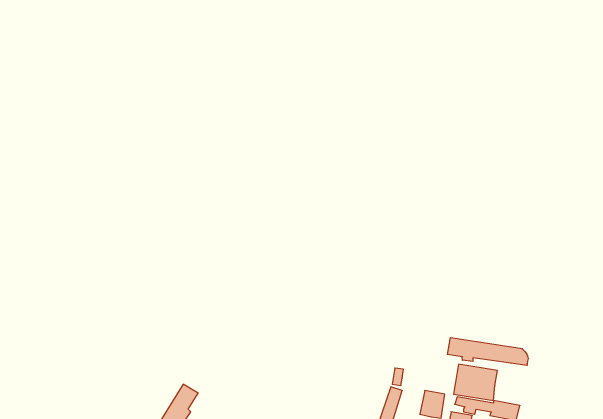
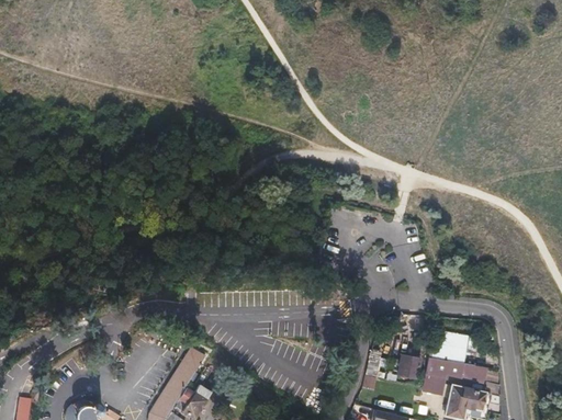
building: [447,338,528,365] -> none

